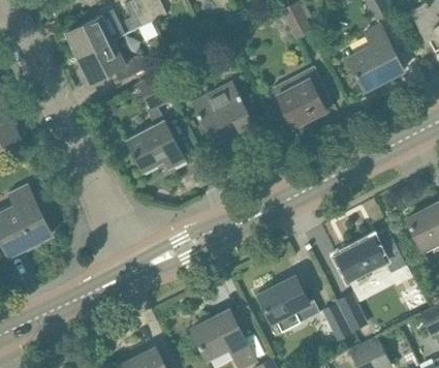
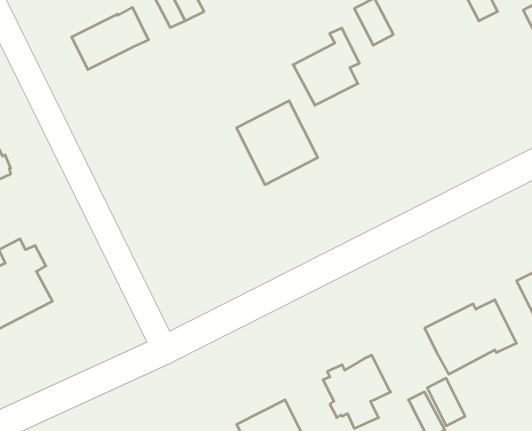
building: [347,25,403,90] -> none
building: [77,39,143,82] -> none
building: [276,67,326,126] -> [293,28,359,105]
building: [126,73,185,172] -> none

